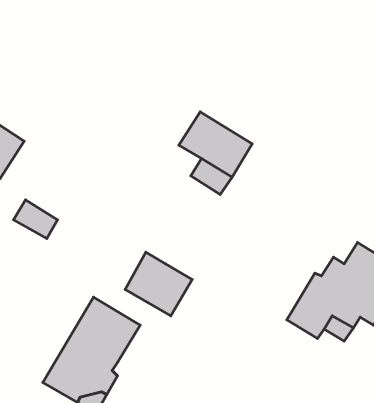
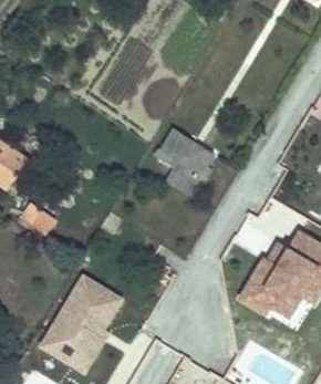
building: [125,252,192,316] -> none

